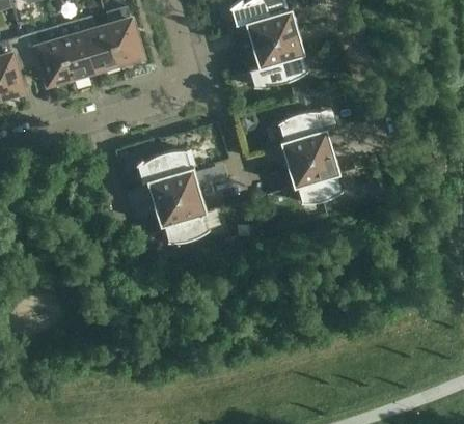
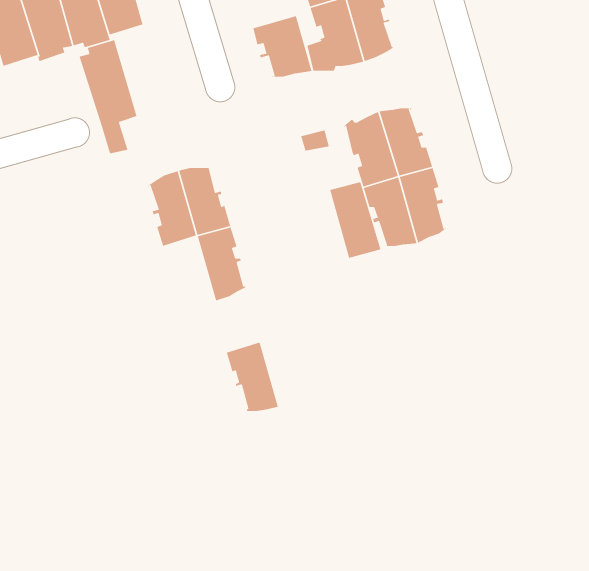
building: none -> [253,15,313,77]
building: none -> [79,39,138,154]
building: none -> [329,181,381,259]
building: [154,196,189,243] -> [226,341,279,412]

